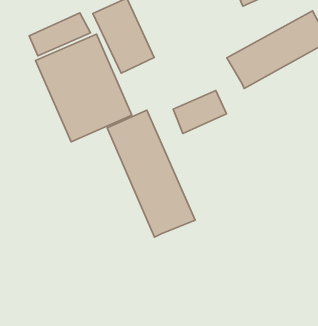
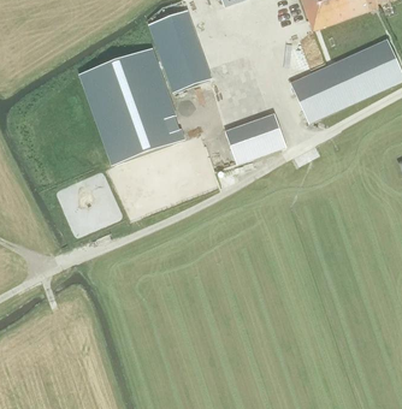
building: [29,13,90,56] -> none
building: [107,110,195,237] -> none

